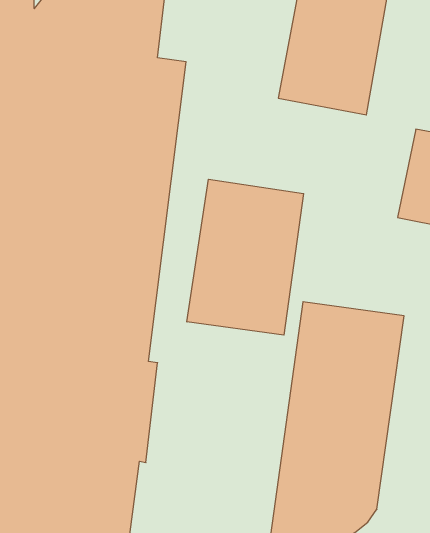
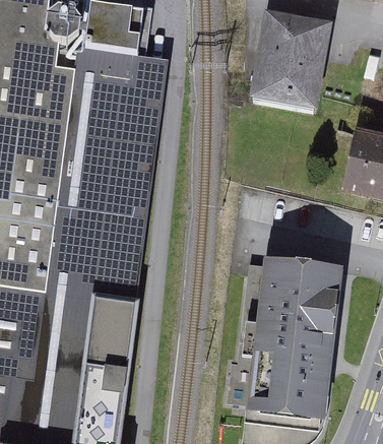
building: [187,179,304,335] -> none

